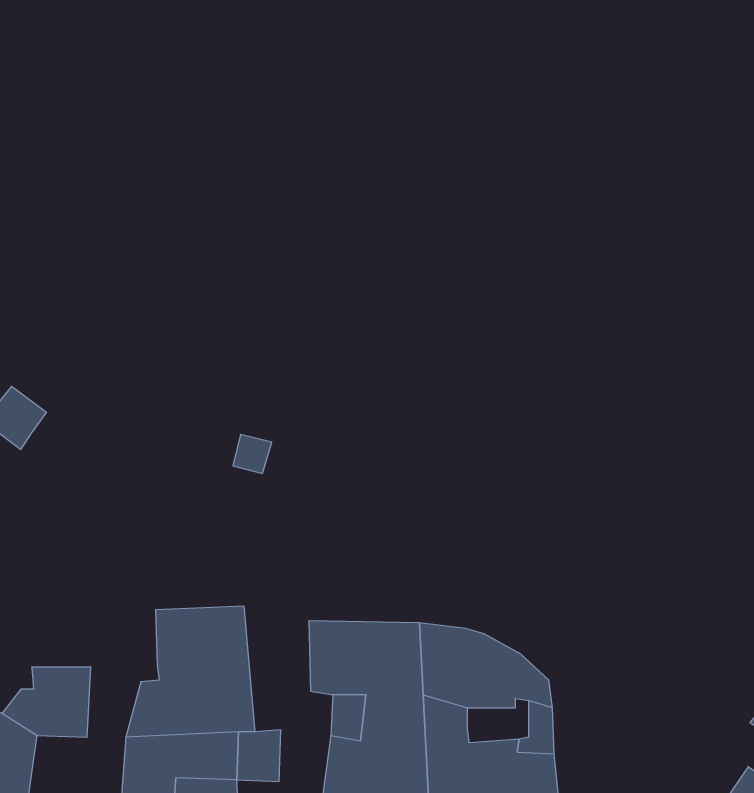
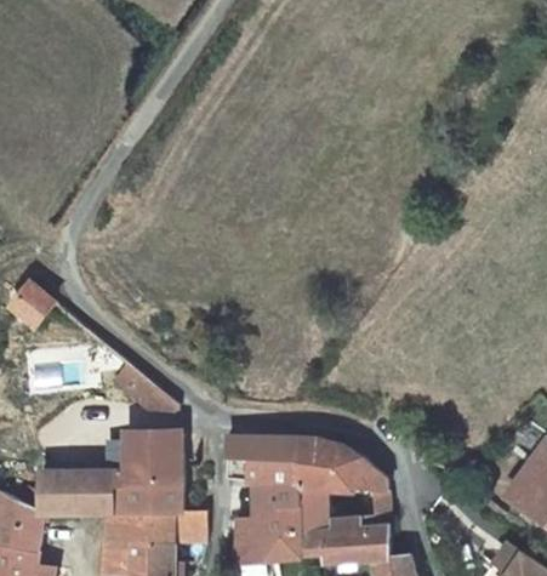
building: none -> [110,365,180,415]
building: none -> [80,467,127,514]

